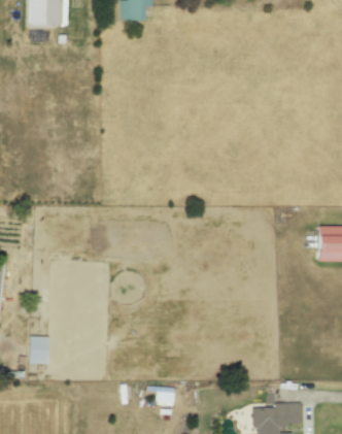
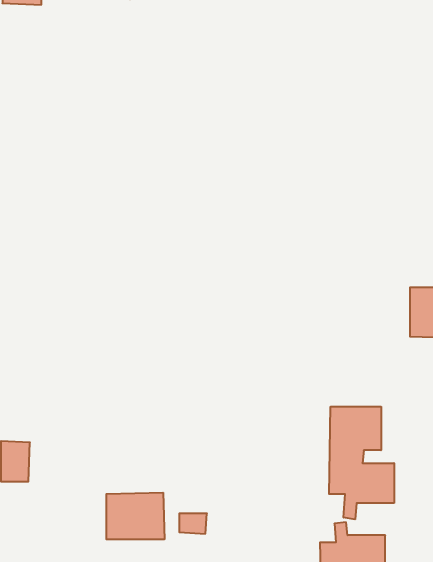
building: none -> [329,407,394,519]
building: none -> [106,493,164,539]

